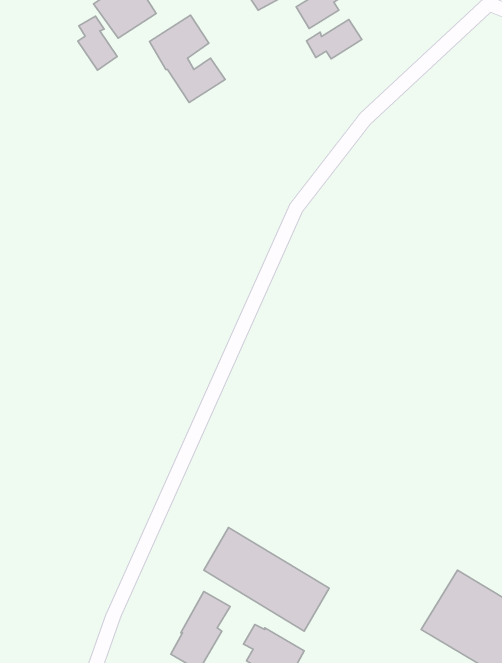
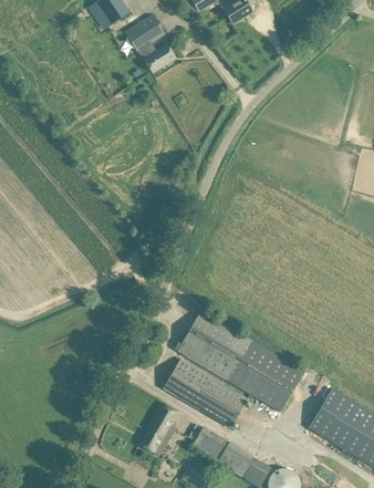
building: [78,16,117,70] -> none
building: [307,19,362,59] -> none
building: none -> [177,311,304,412]

